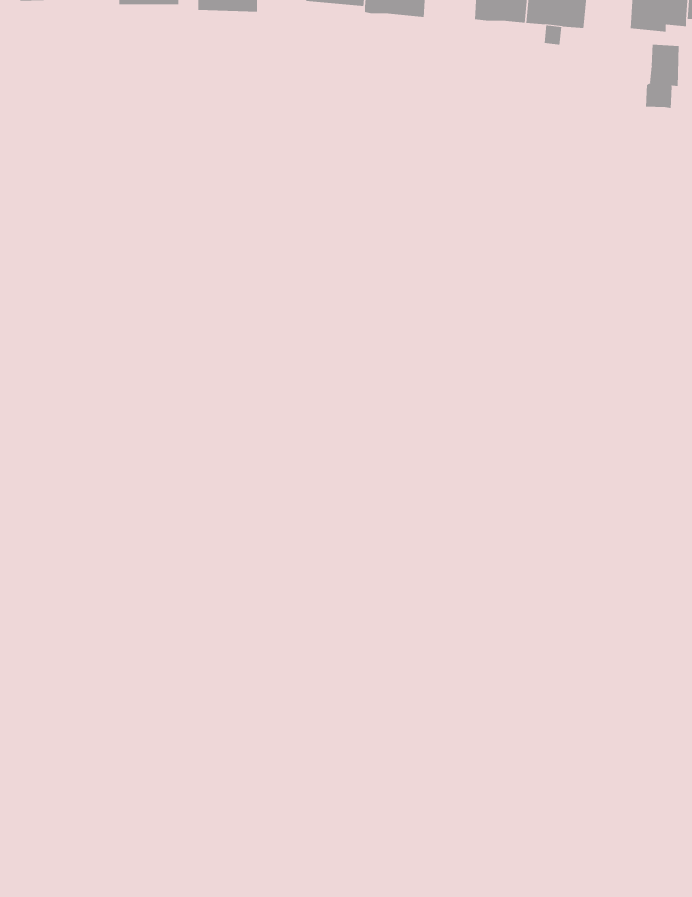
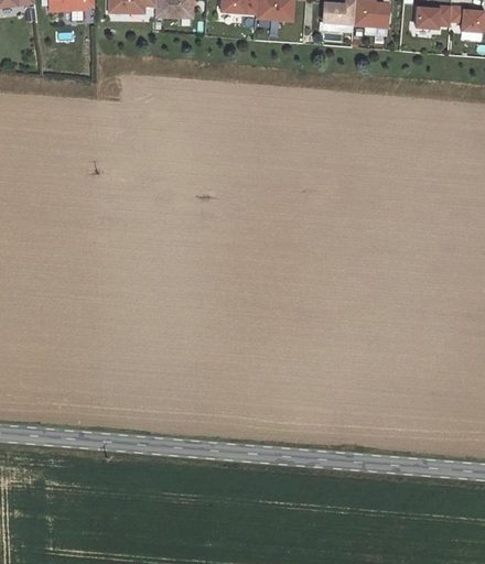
building: [646,44,679,109] -> none

